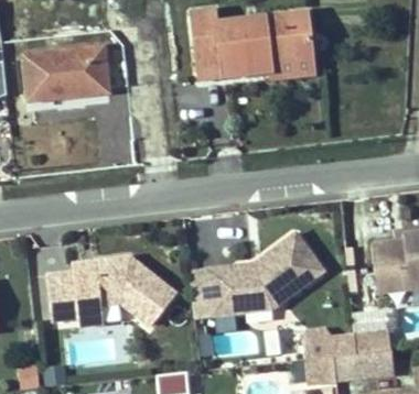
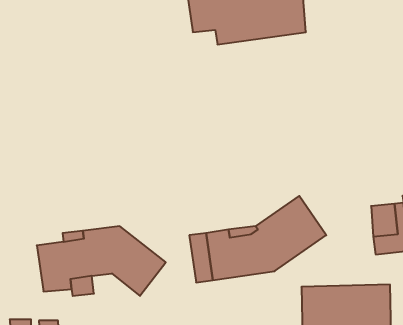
building: [28,52,108,102] -> none

